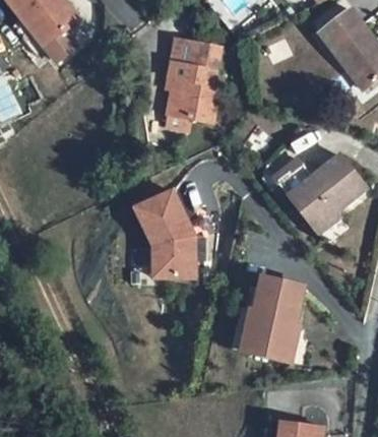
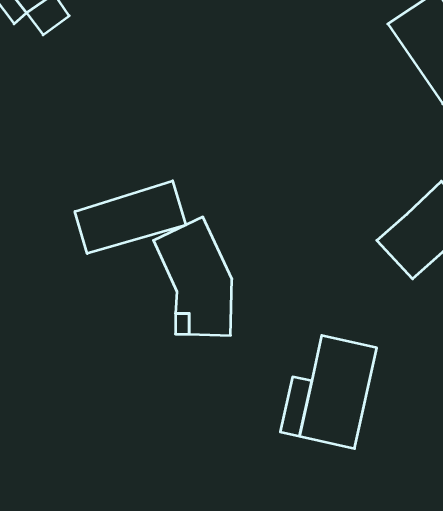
building: [164,42,217,130] -> none
building: none -> [75,181,186,254]
building: [281,164,323,205] -> none

